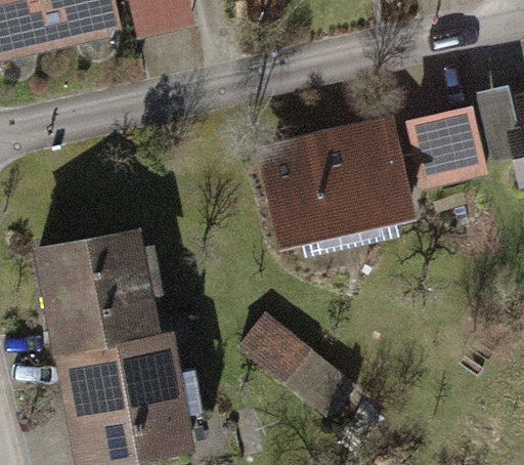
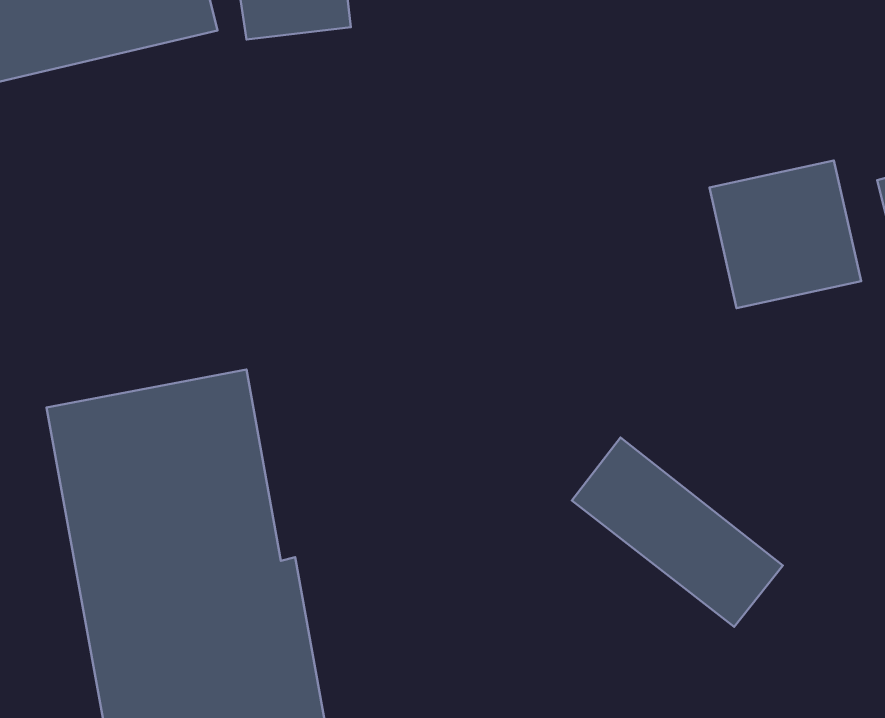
building: [256,117,413,250] -> none
building: [241,309,360,417] -> [572,437,783,627]

